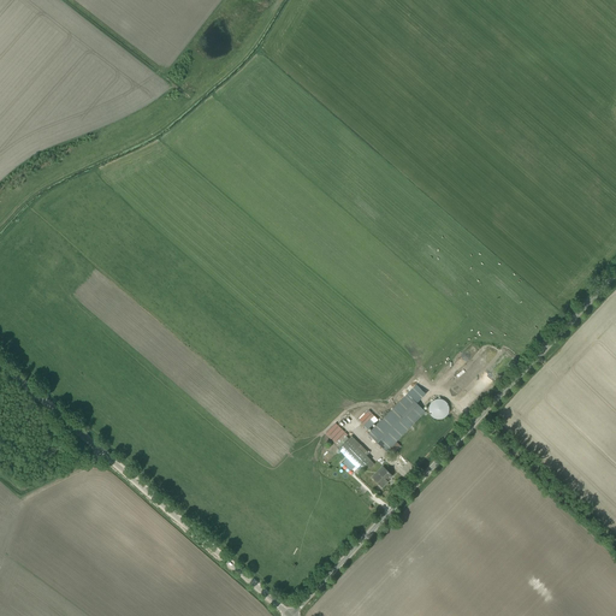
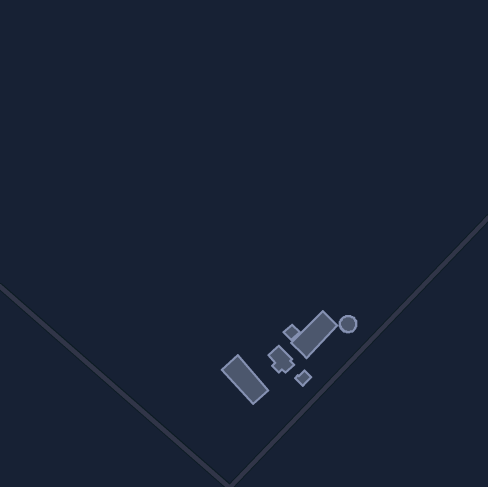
building: none -> [222,355,268,404]

